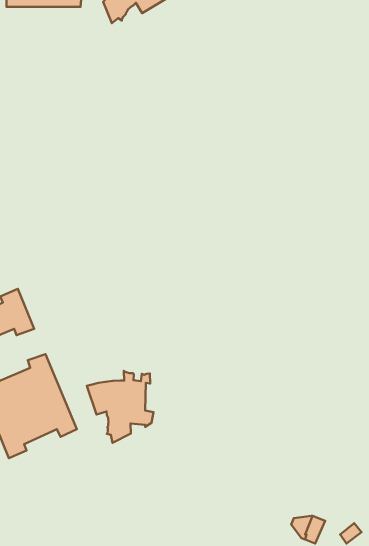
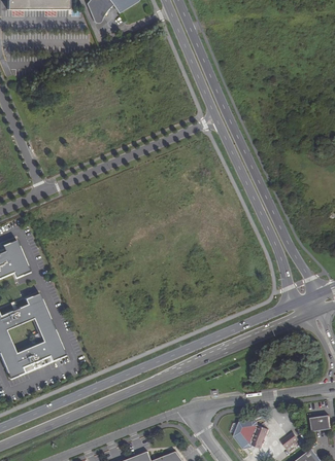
building: [87,371,153,443] -> none

